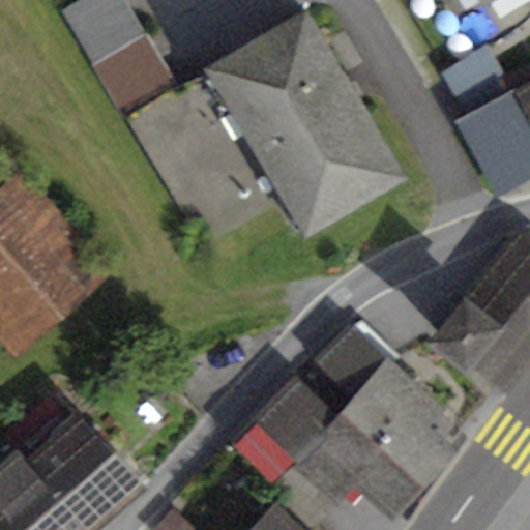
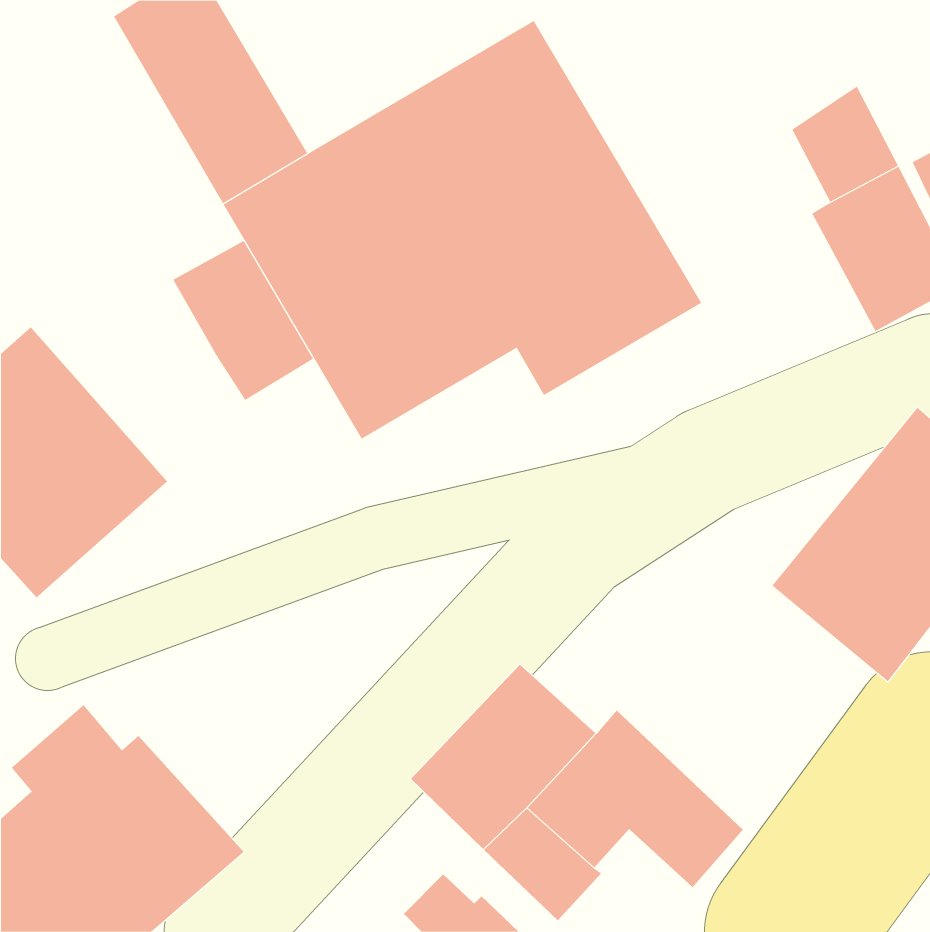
building: none -> [173,240,314,401]
building: [317,321,452,471] -> none

